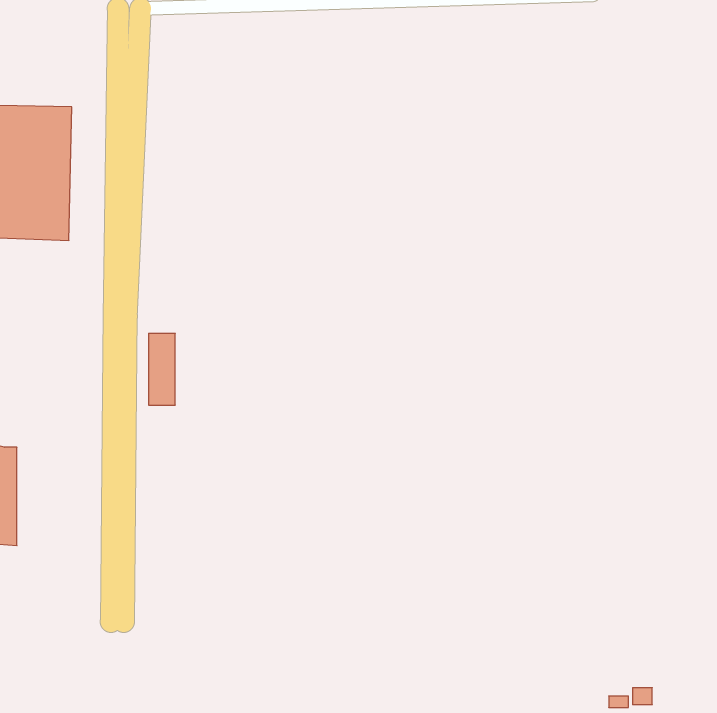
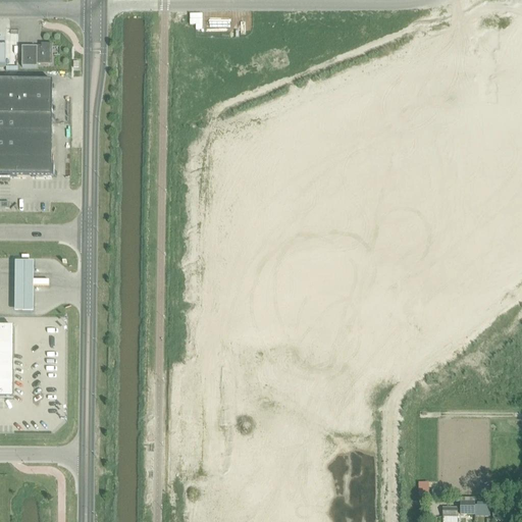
building: none -> [20,41,51,63]
building: [149,333,175,405] -> [13,260,33,312]

